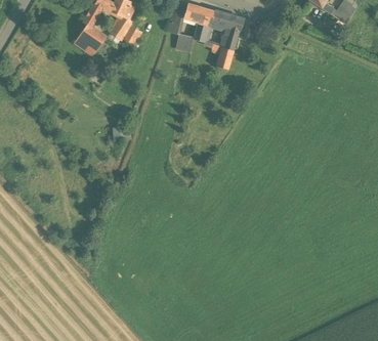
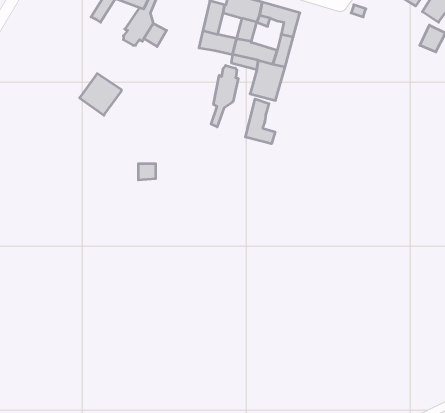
building: [75,23,107,54] -> [80,74,121,115]
building: none -> [211,65,238,127]
building: none -> [245,99,275,144]

